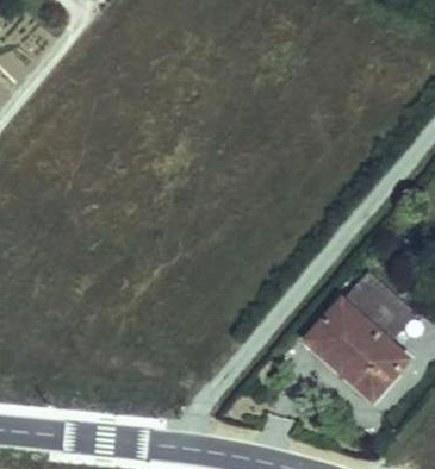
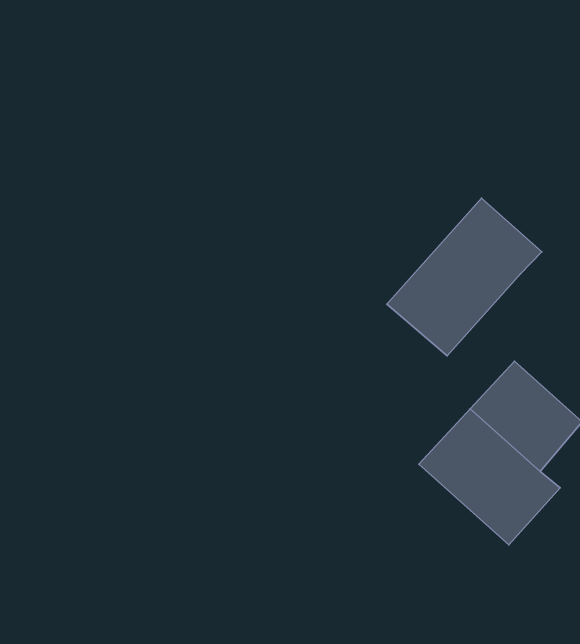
building: none -> [387,198,542,356]

